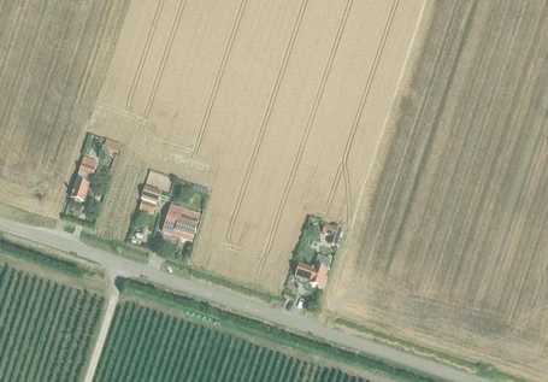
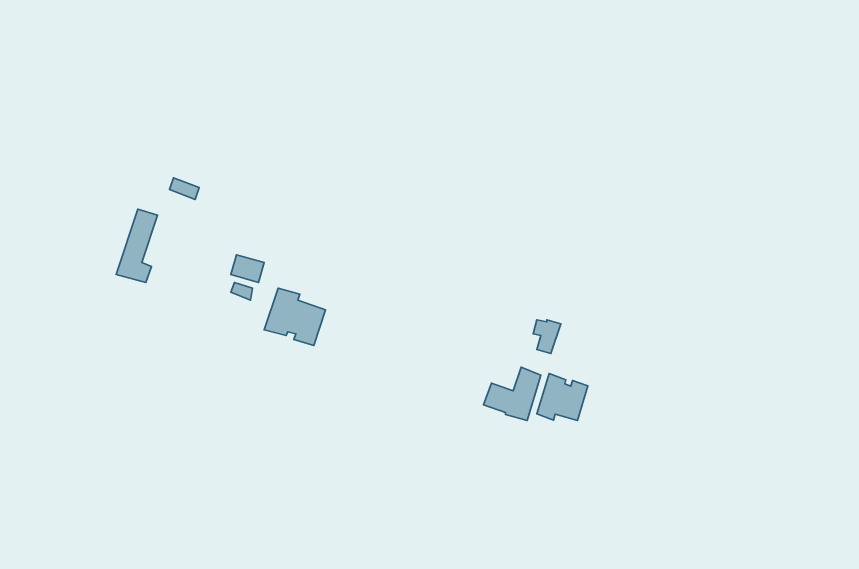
building: none -> [537,373,588,420]

